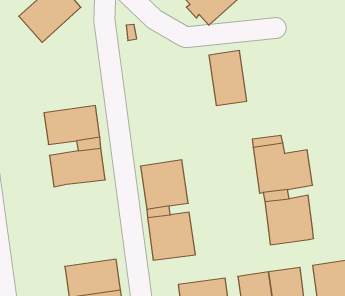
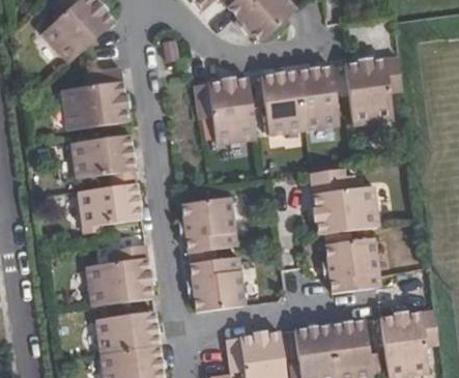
building: none -> [343,56,403,124]
building: none -> [295,66,339,129]
building: none -> [61,68,128,130]
building: none -> [194,78,257,145]
building: none -> [86,244,152,307]

